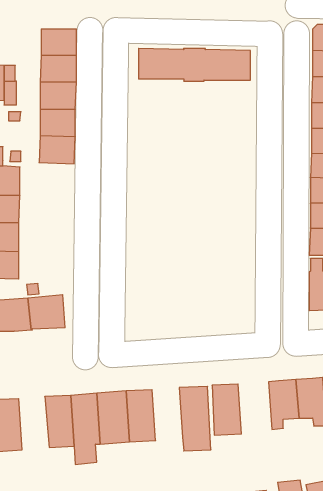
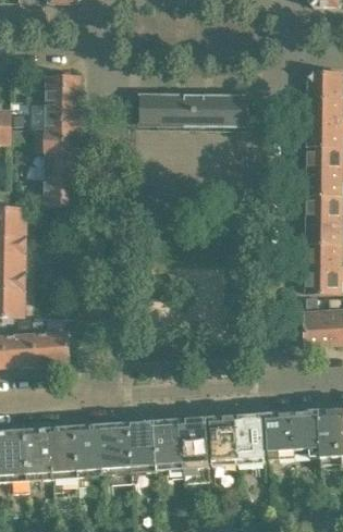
building: none -> [235,415,265,465]
building: none -> [152,420,182,471]
building: none -> [24,429,53,480]

